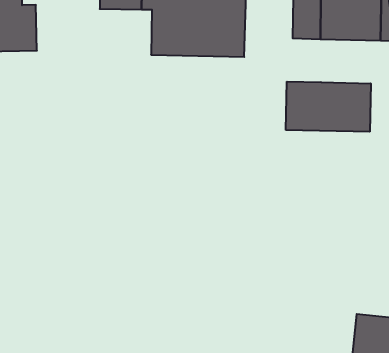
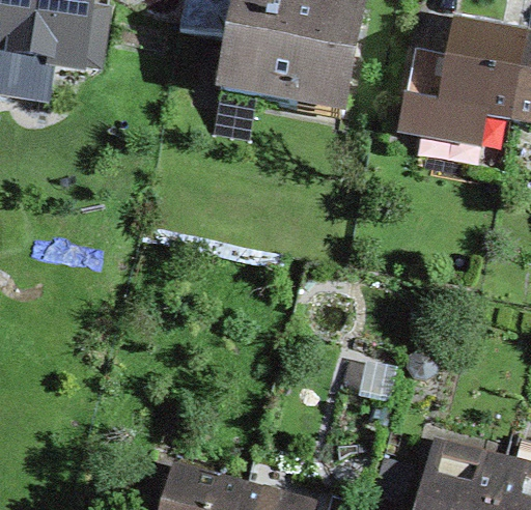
building: [286,82,371,132] -> none

